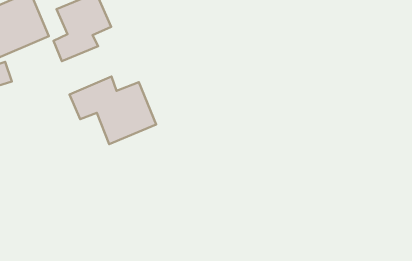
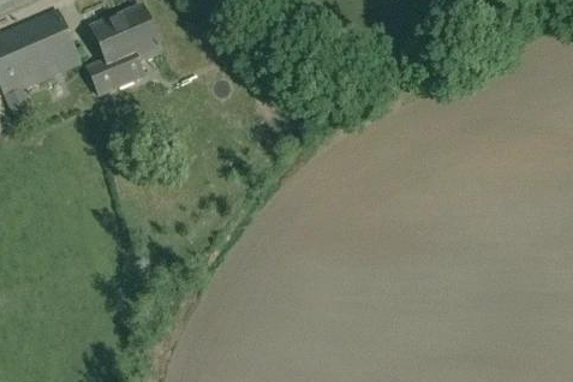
building: [69,76,156,144] -> none

